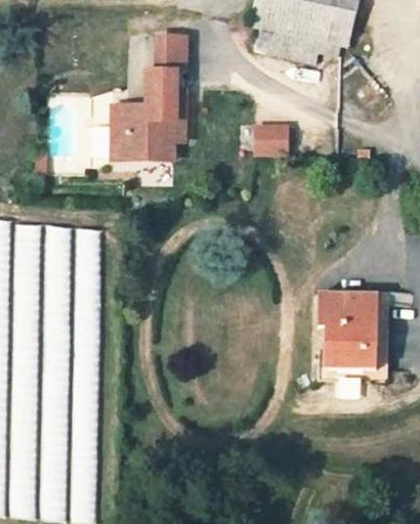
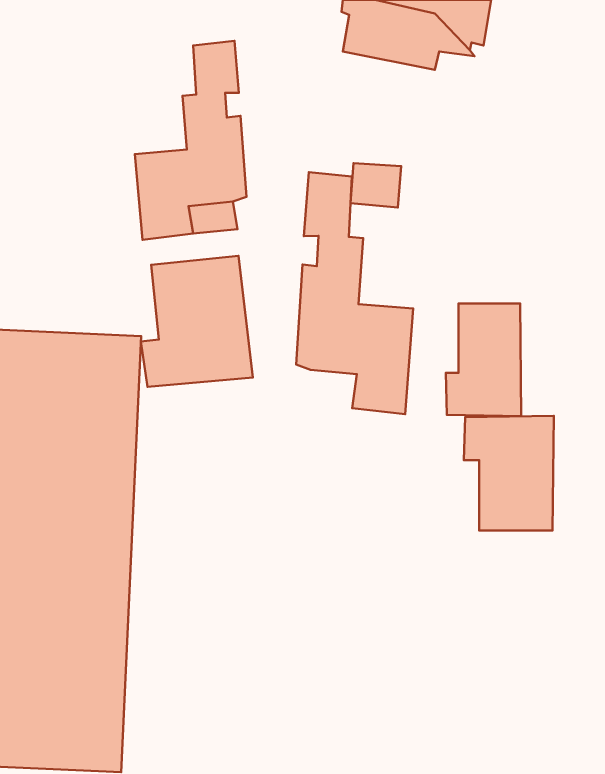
building: none -> [296,172,413,414]
building: none -> [141,256,253,387]
building: none -> [446,304,521,416]

